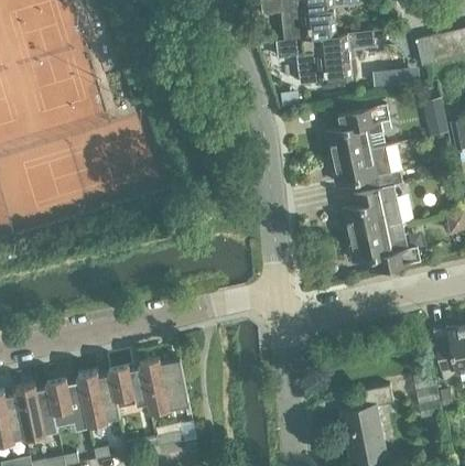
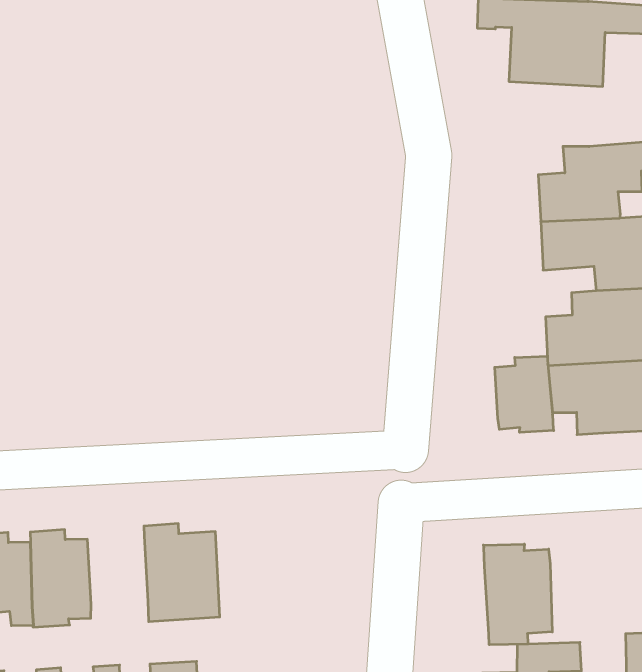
building: none -> [495,356,554,432]
building: none -> [483,544,552,645]
building: [109,364,149,409] -> none

